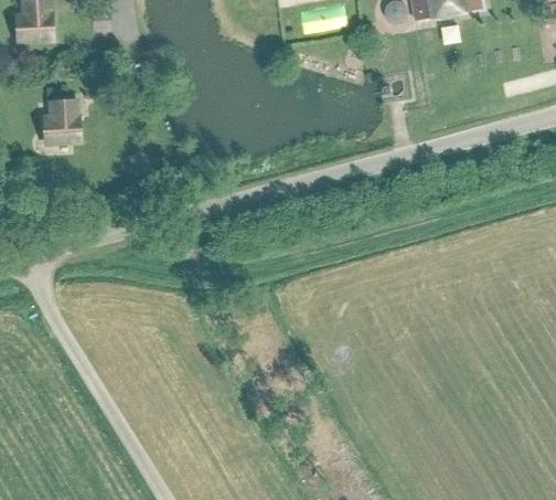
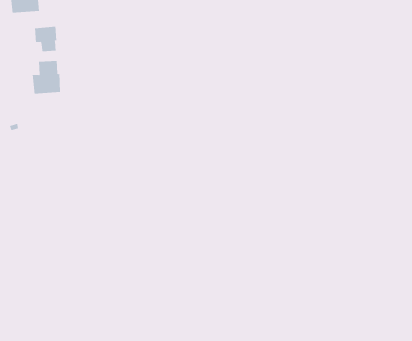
building: none -> [34,26,57,52]

